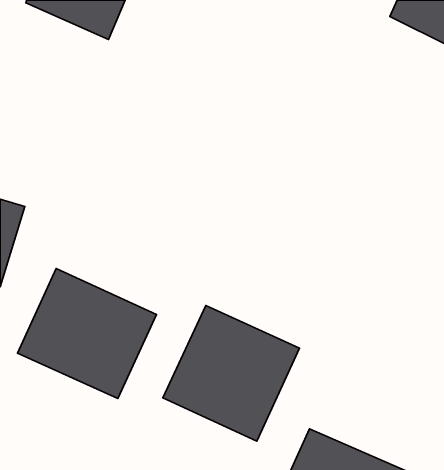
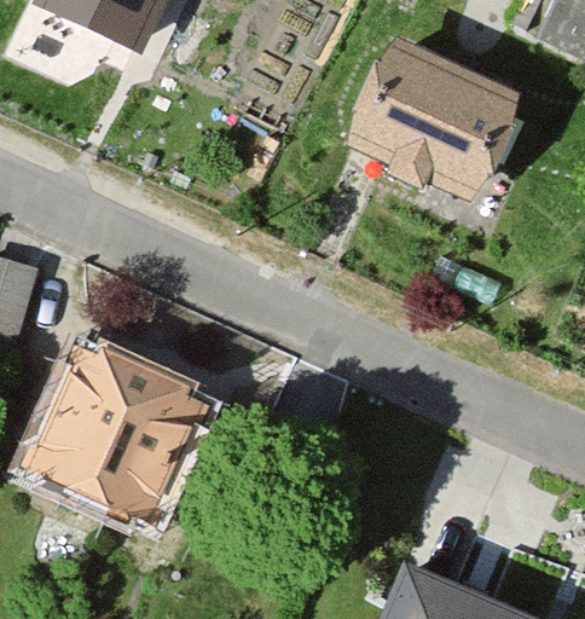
building: none -> [348,45,516,201]
building: [163,306,299,441] -> none

